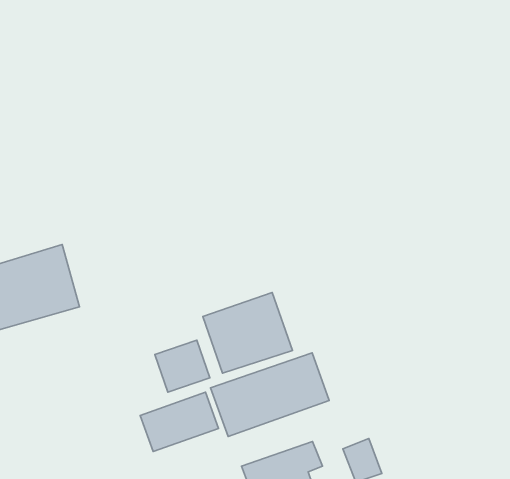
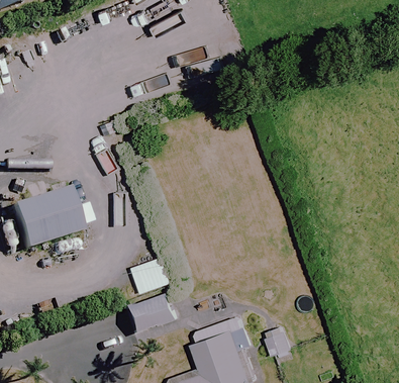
building: [203,293,293,373] -> none
building: [211,353,329,436] -> none

